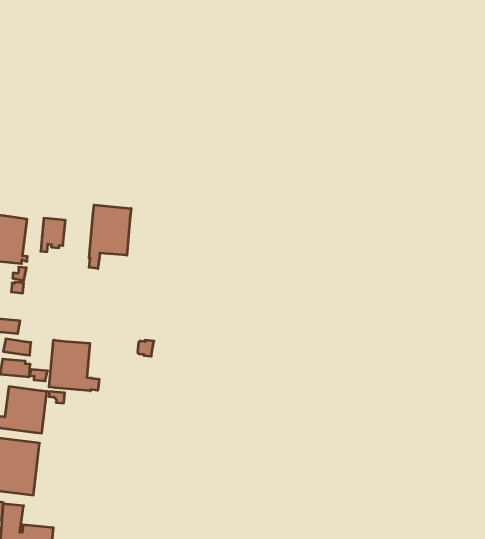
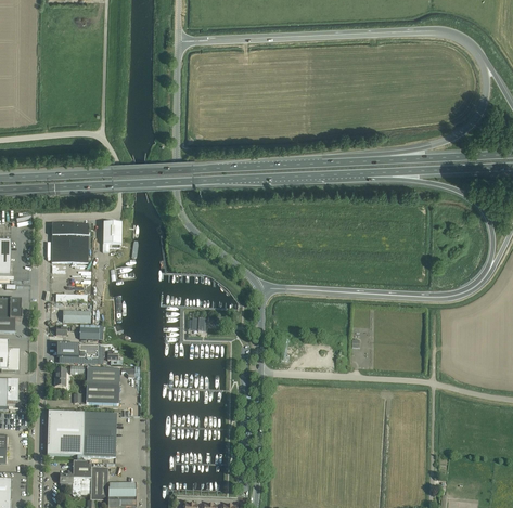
building: [89,205,131,269] -> none
building: [49,340,99,391] -> none

